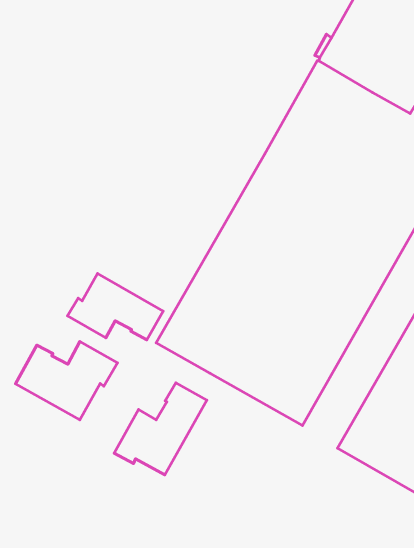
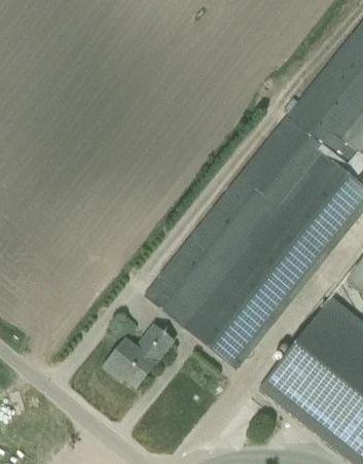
building: [68,274,163,340] -> none
building: [16,341,118,420] -> none

